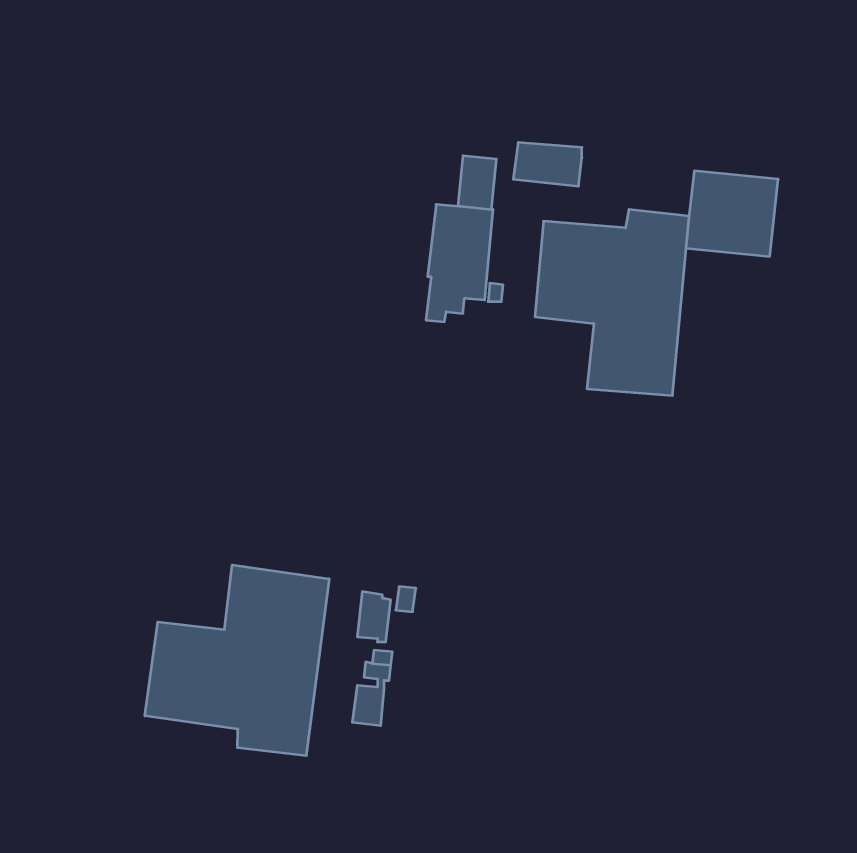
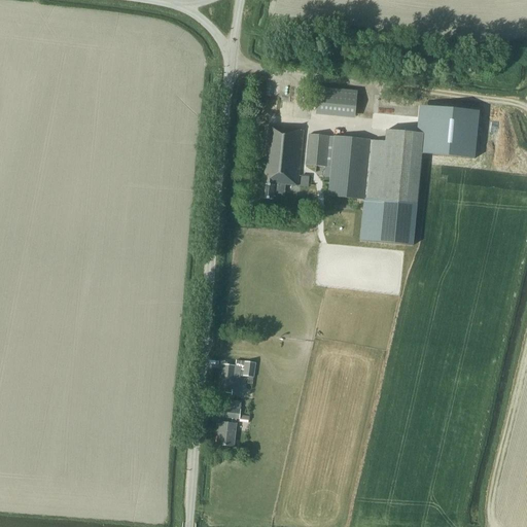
building: [458,156,496,209] -> [306,133,329,166]
building: [145,565,329,756] -> none

